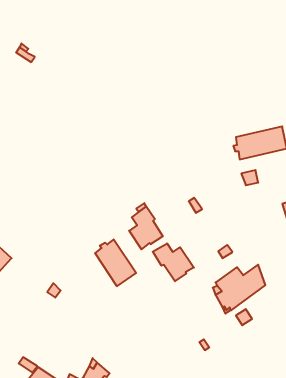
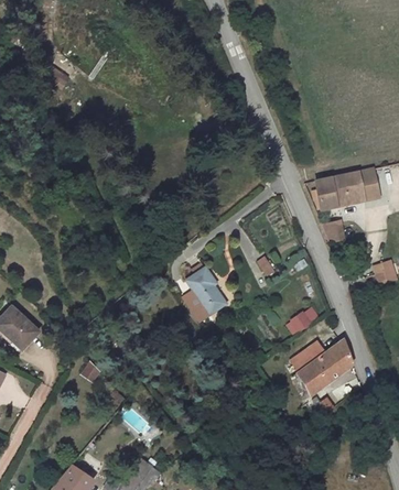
building: [95,239,136,286] -> none
building: [153,243,194,281] -> none

